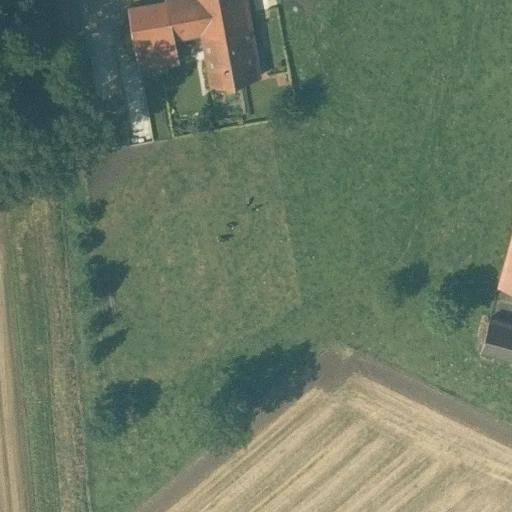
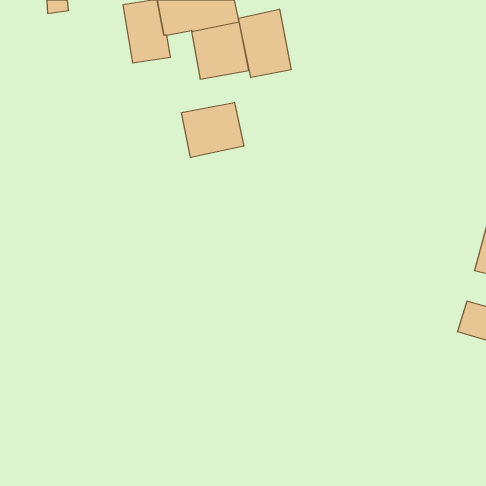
building: none -> [238,9,291,78]
building: none -> [182,102,244,158]

